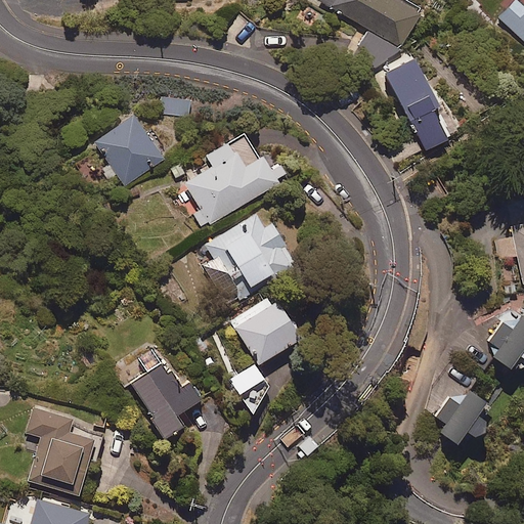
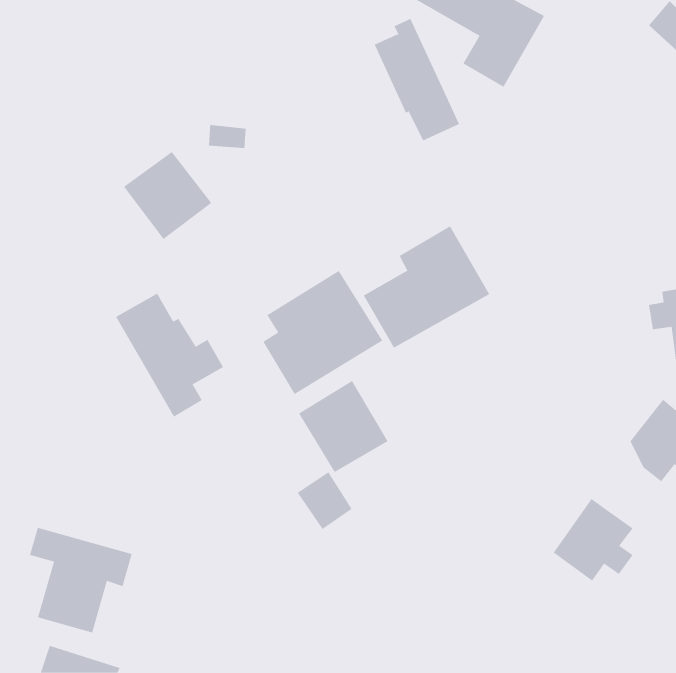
building: [386,53,452,148] -> [374,18,460,141]
building: [179,131,277,226] -> [363,225,490,349]
building: [119,345,203,441] -> [115,293,224,417]

